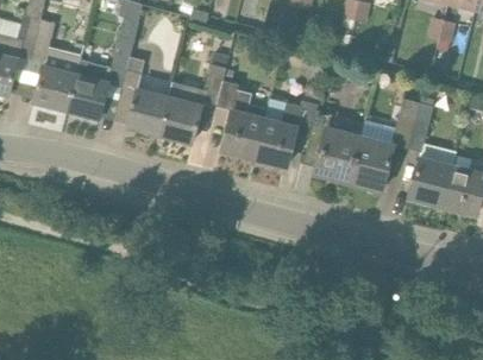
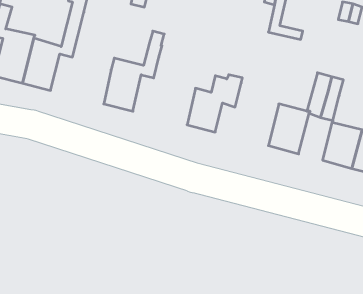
building: [117,56,168,133] -> none
building: [217,80,264,157] -> none
building: [305,109,359,181] -> none

